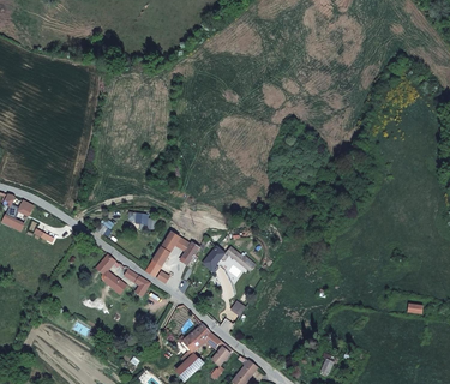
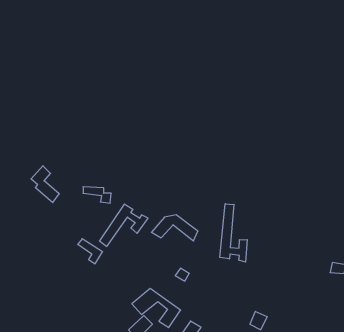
building: none -> [220,204,247,262]
building: [92,254,124,295] -> [31,166,59,203]

